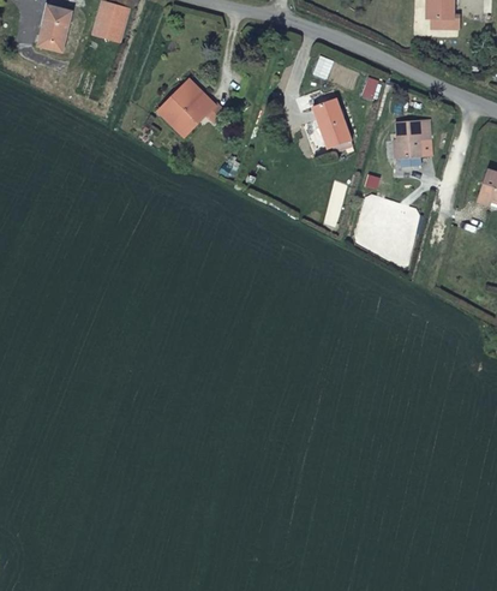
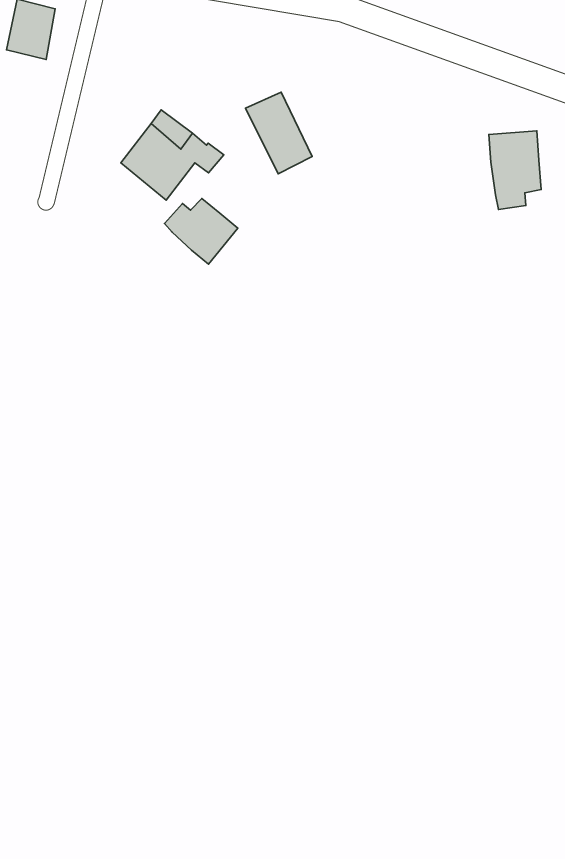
building: [311,100,352,153] -> [245,92,312,174]
building: none -> [164,199,238,264]

